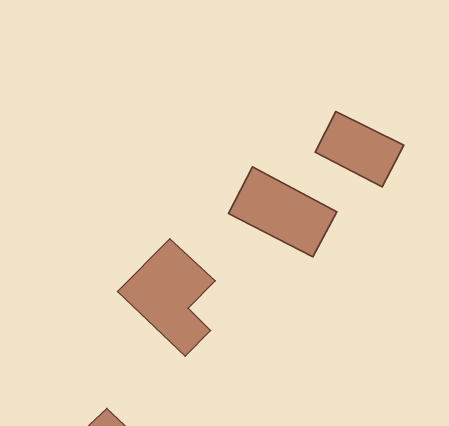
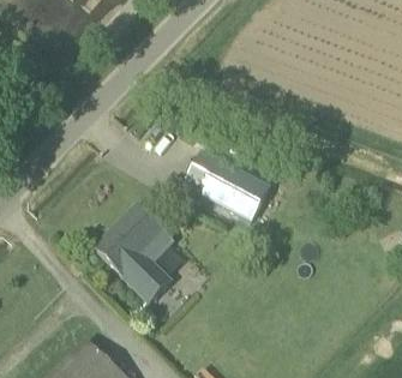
building: [315,111,404,187] -> none

